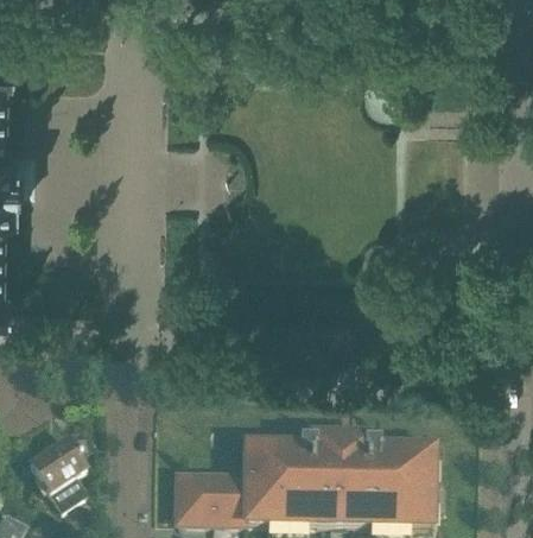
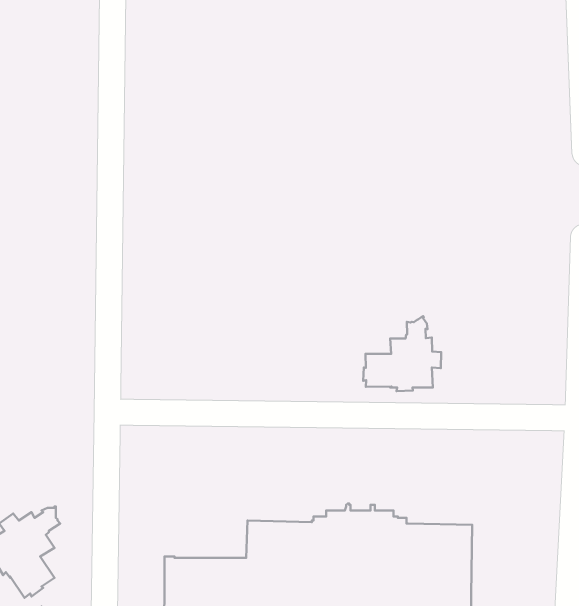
building: none -> [363,316,441,391]

